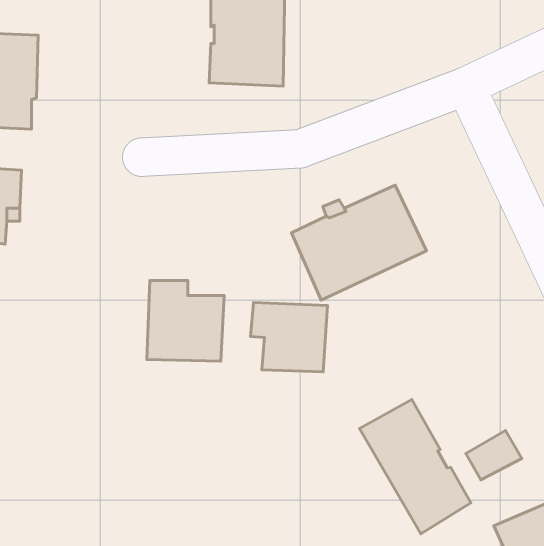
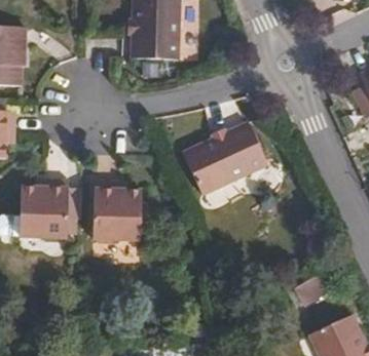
building: none -> [16,179,68,230]
building: [251,302,327,372] -> none
building: [359,400,471,534] -> none

